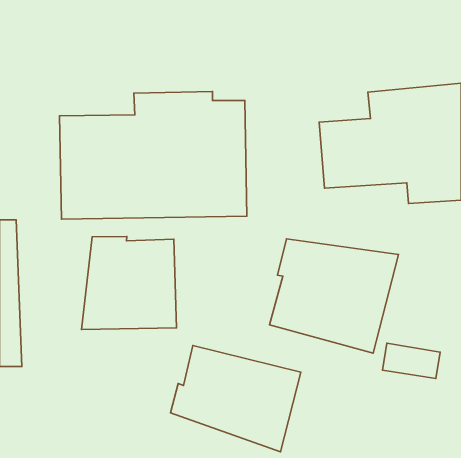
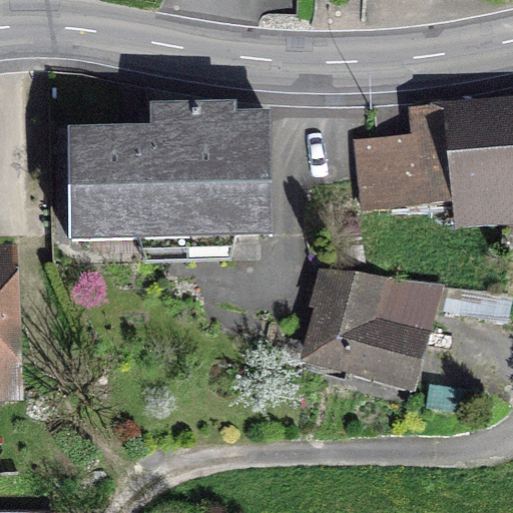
building: [81,236,176,329] -> none
building: [170,345,301,452] -> none

